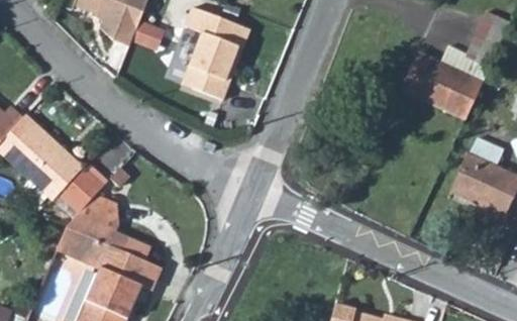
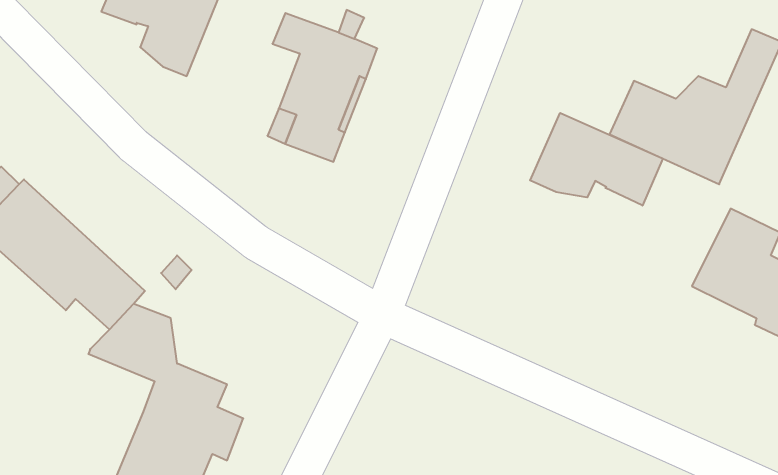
building: none -> [530,113,663,206]
building: [63,223,112,259] -> none

